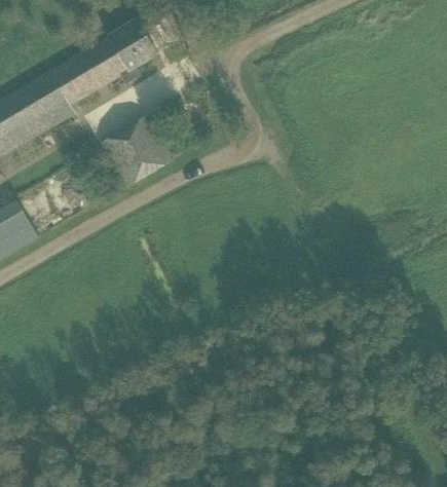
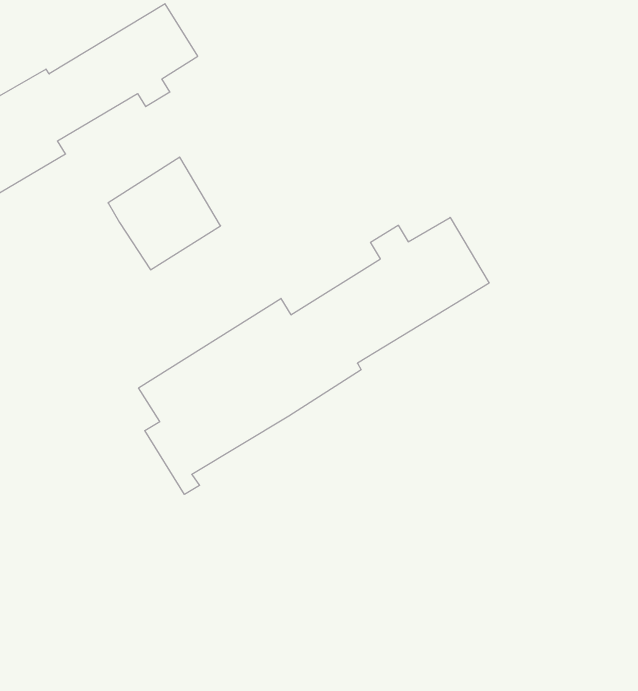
building: none -> [139,217,489,494]

